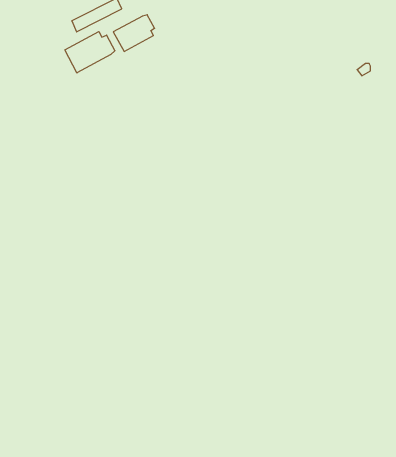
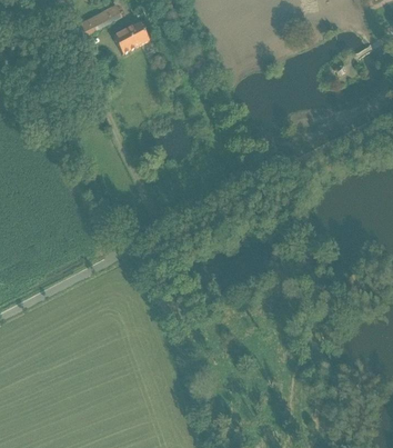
building: [65,32,115,73] -> none

